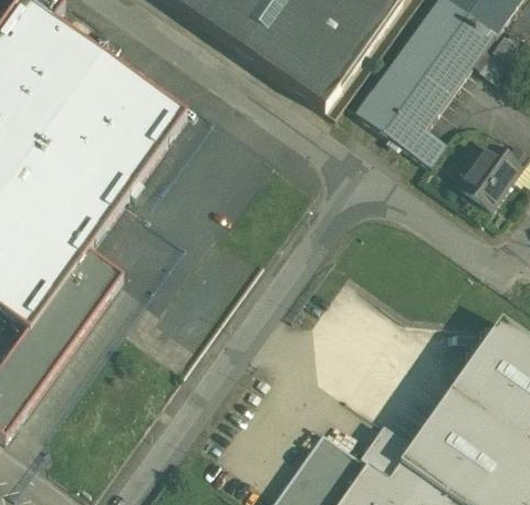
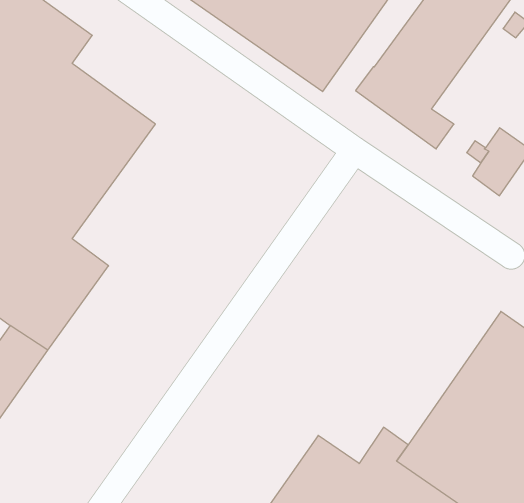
building: [87,57,186,141] -> none

